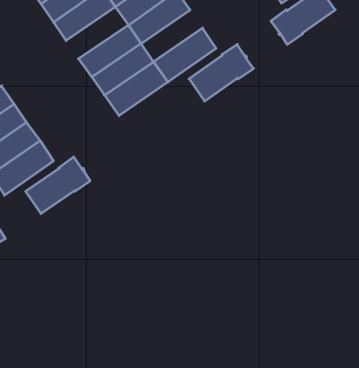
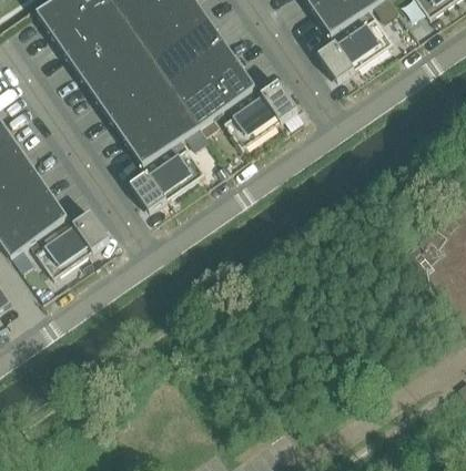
building: none -> [80,37,152,96]
building: none -> [166,40,237,100]
building: none -> [129,145,203,209]

